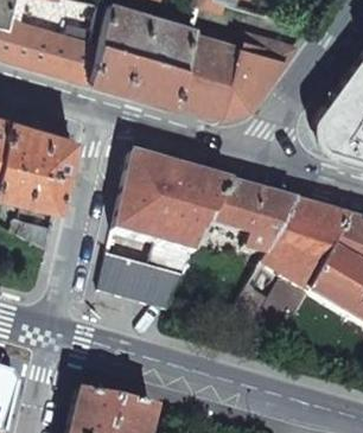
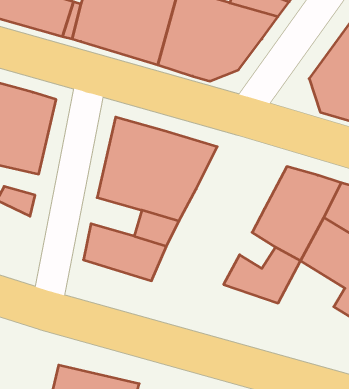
building: [209,184,295,243] -> none

